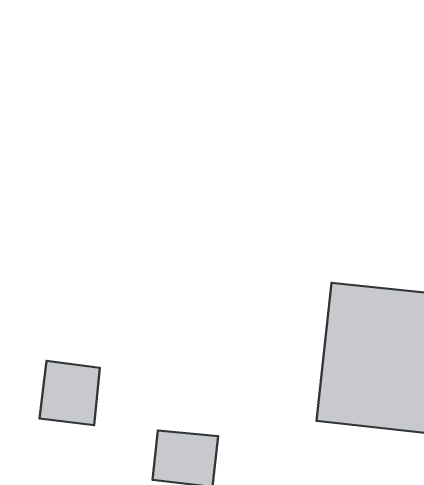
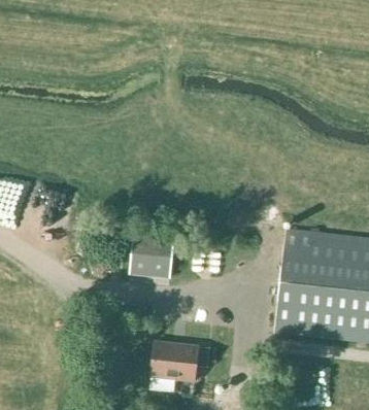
building: [40,361,100,425] -> [129,231,174,279]

